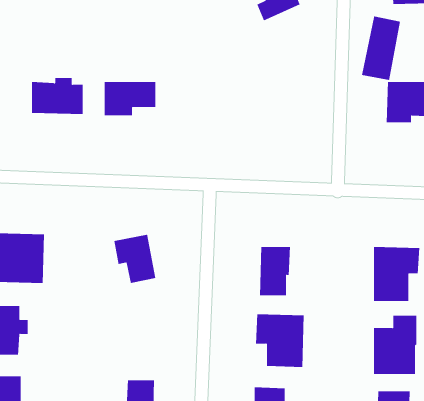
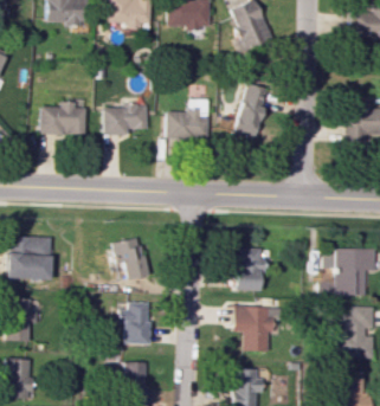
building: [361,16,401,81] -> [236,84,270,140]
building: none -> [166,99,210,138]
building: none -> [120,302,150,343]

